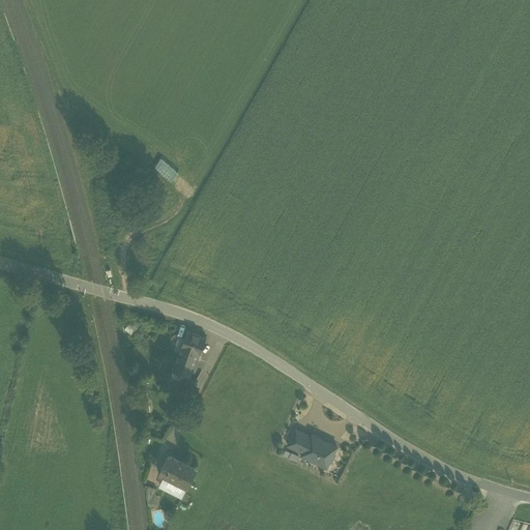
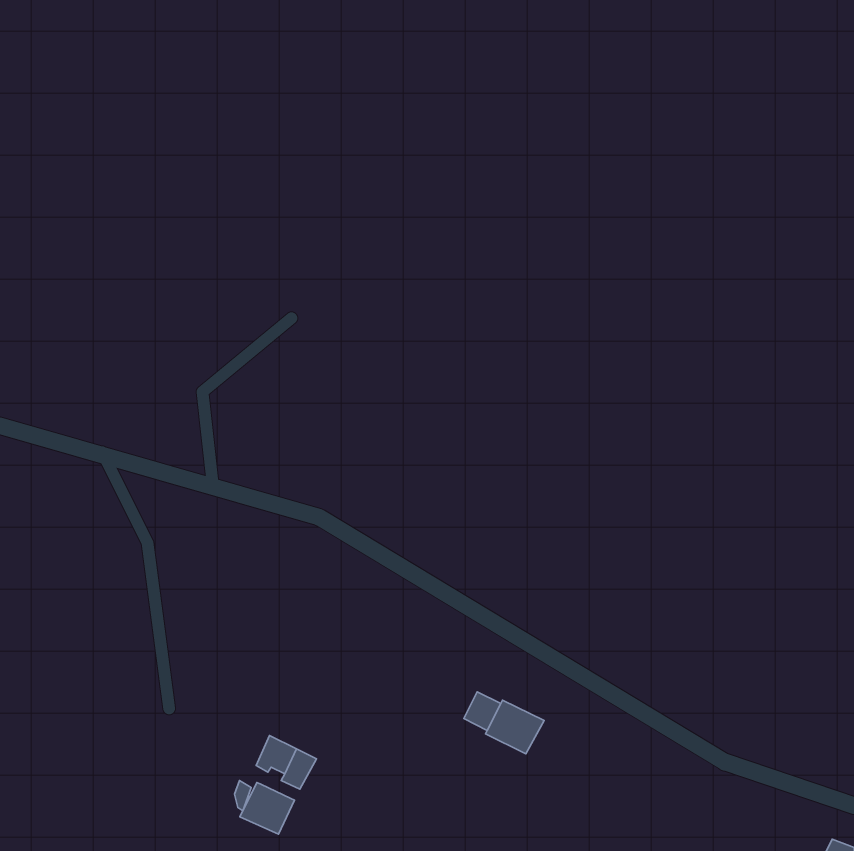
building: [172,333,205,378] -> none
building: none -> [240,782,295,834]

